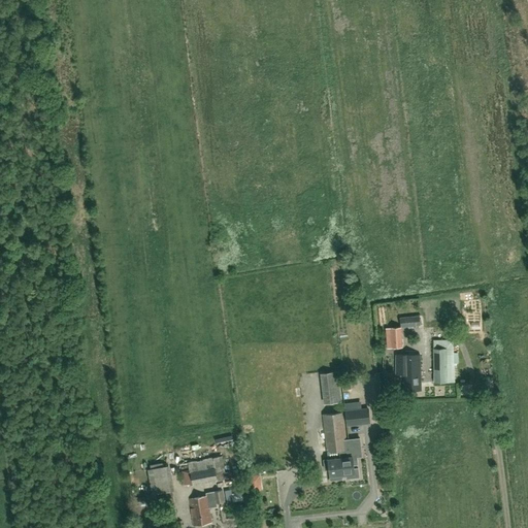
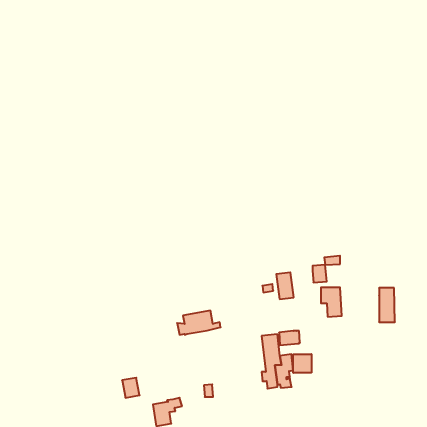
building: [434,340,454,383] -> [379,288,395,322]
building: [320,371,341,404] -> [276,272,294,299]
building: none -> [293,354,311,373]
building: [180,456,234,486] -> [177,311,221,335]

